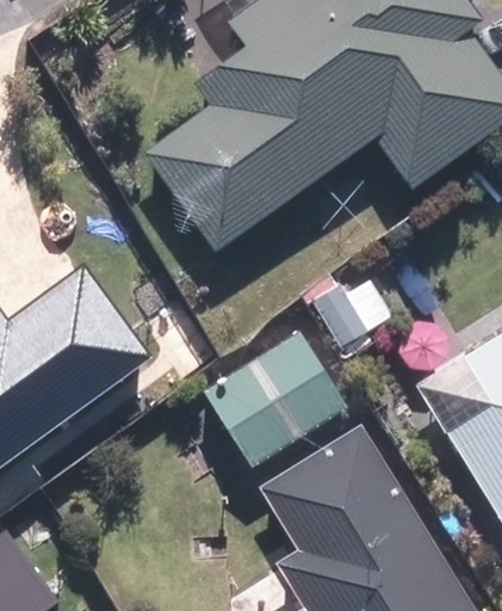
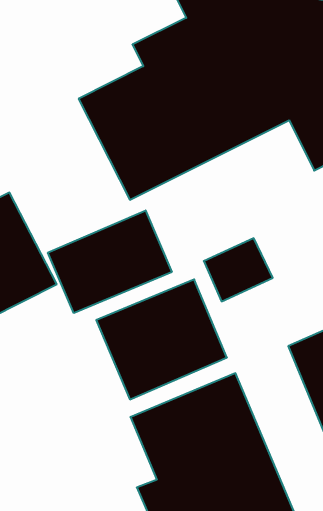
building: none -> [48,210,172,313]

